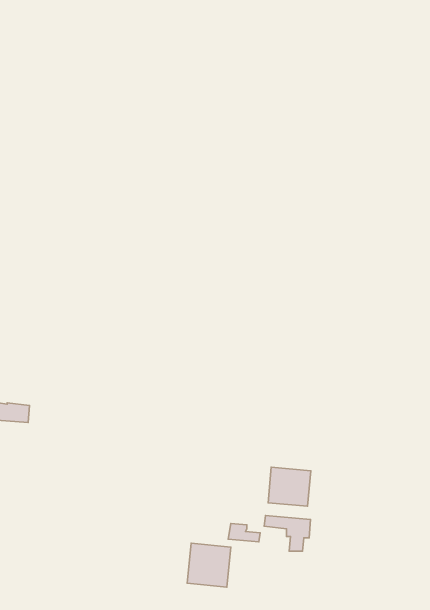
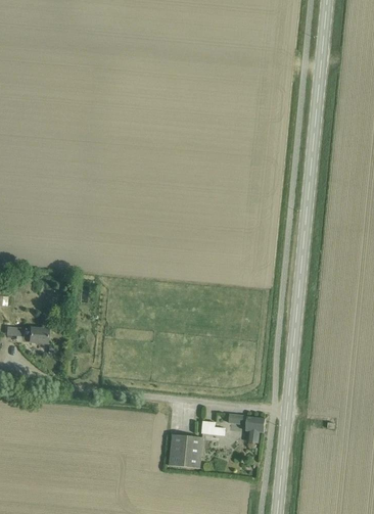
building: [268,467,311,506] -> none

